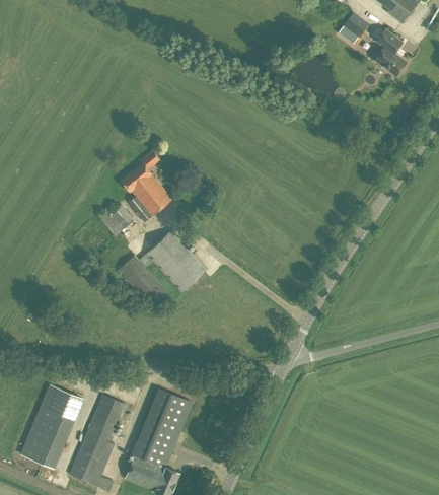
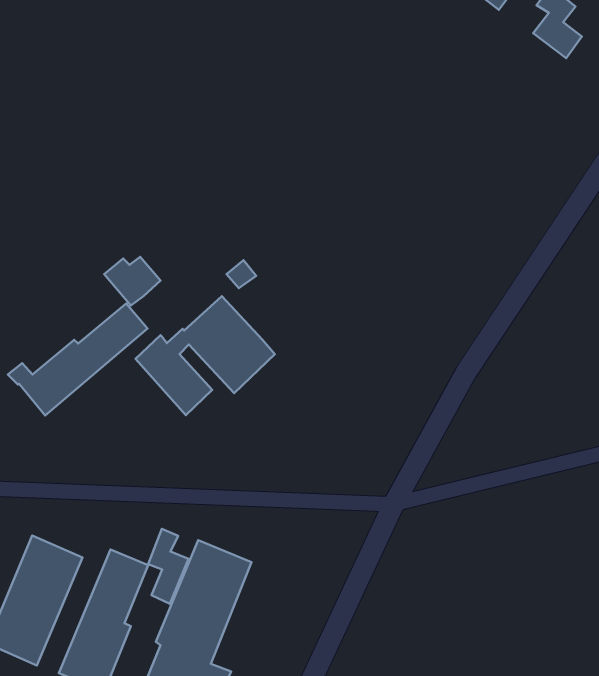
building: [122,151,171,221] -> none
building: none -> [8,304,147,415]
building: none -> [148,529,188,604]

